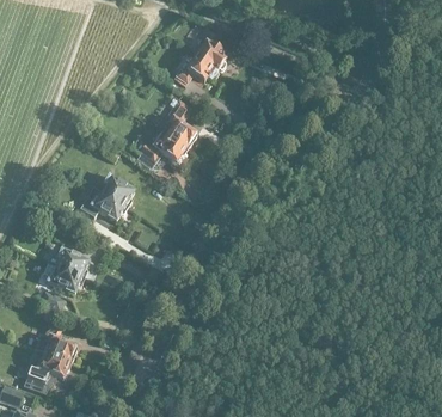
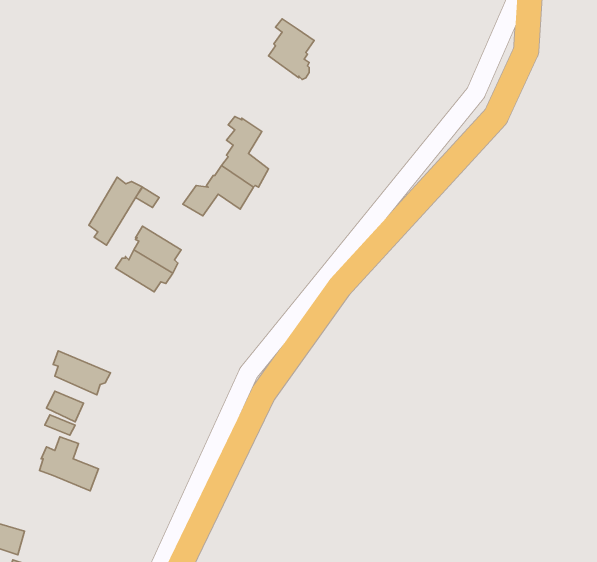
building: [173,54,219,86] -> none
building: none -> [89,177,142,245]
building: [47,249,88,278] -> none
building: [27,351,69,381] -> none

